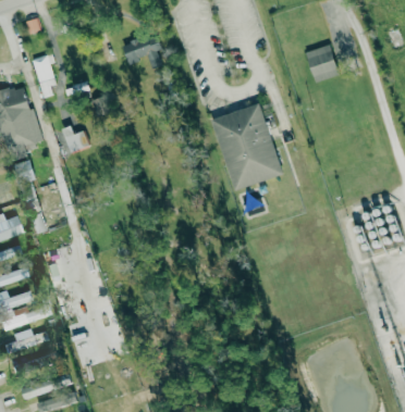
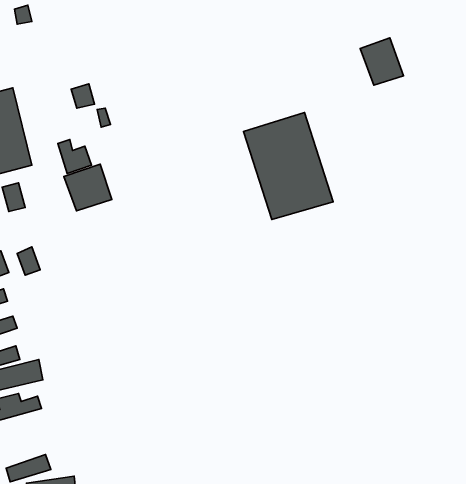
building: [122,35,167,68] -> none
building: [33,55,56,99] -> none
building: none -> [64,164,112,211]

